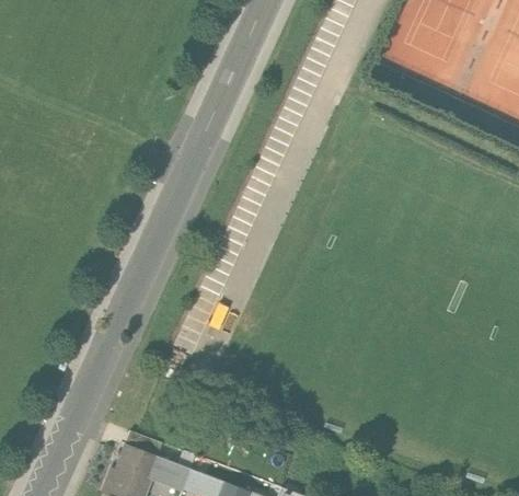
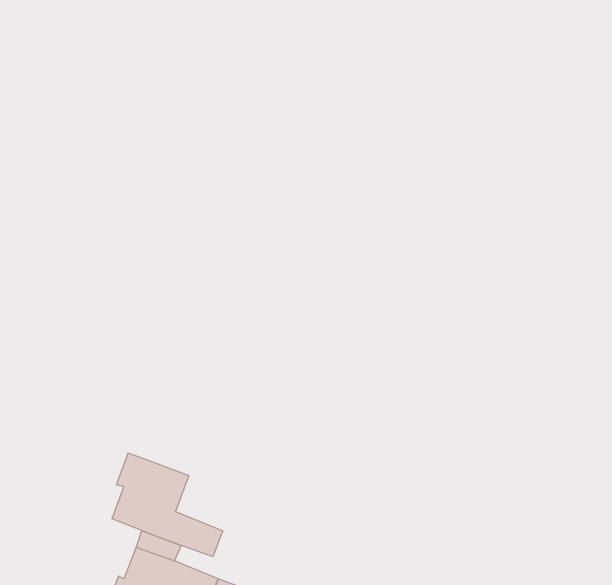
building: none -> [112,453,223,557]

